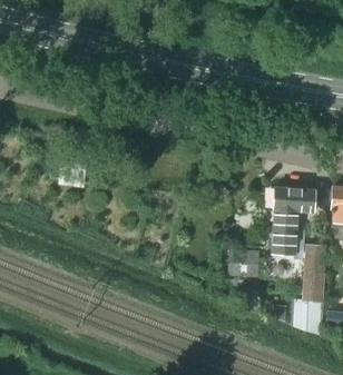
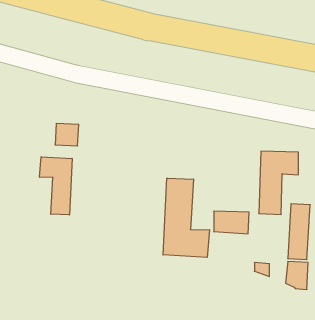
building: none -> [40,157,72,215]
building: none -> [163,178,209,257]

